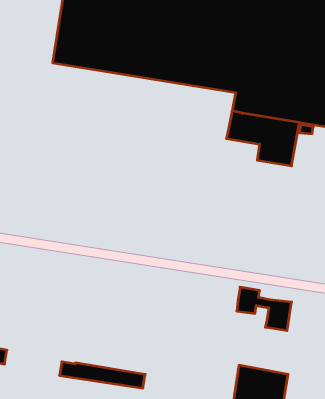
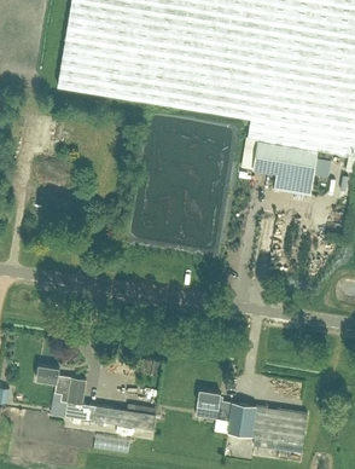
building: [237,287,292,331] -> [197,388,255,434]
building: none -> [37,364,86,403]

